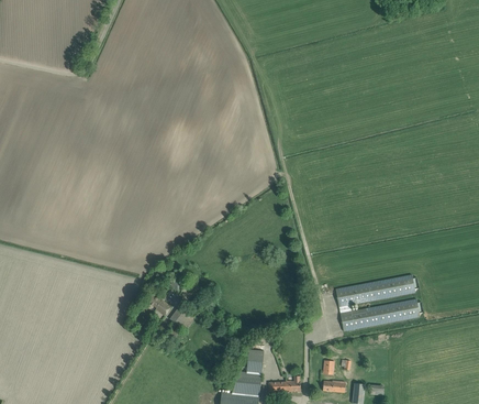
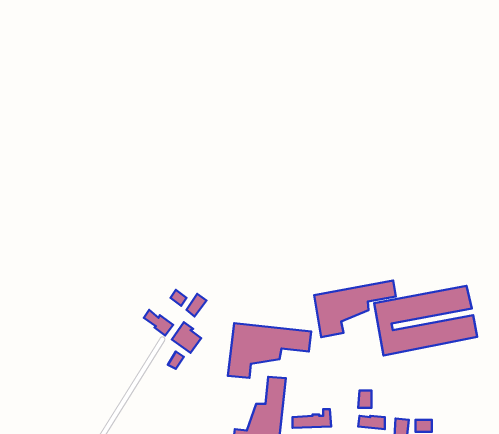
building: none -> [314,280,396,337]
building: none -> [228,323,311,378]

